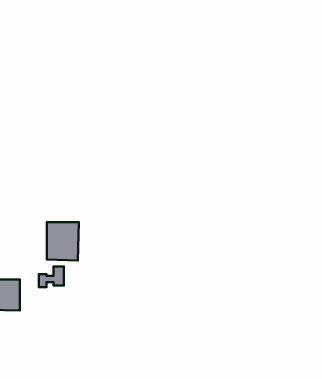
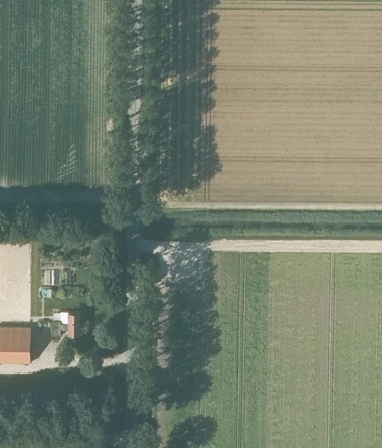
building: [47,222,79,261] -> none

